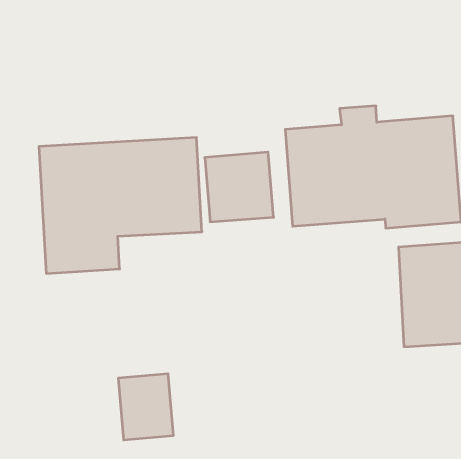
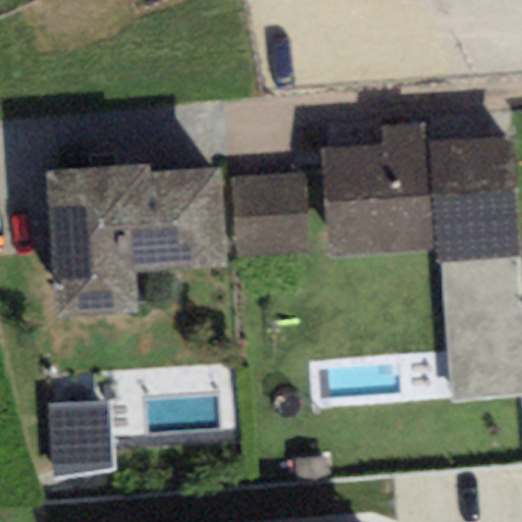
building: [118,374,173,440] -> [49,402,111,476]

